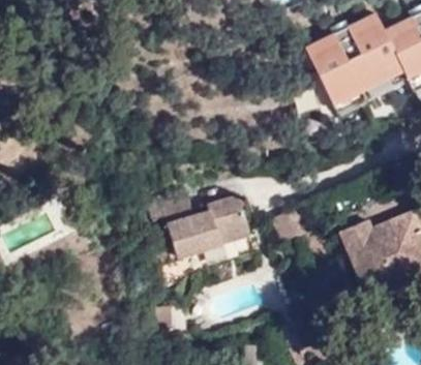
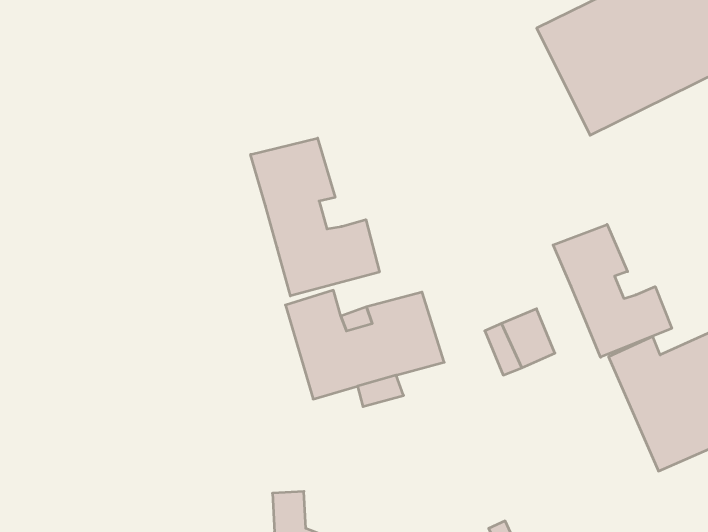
building: none -> [251,138,379,296]
building: none -> [553,224,672,357]

